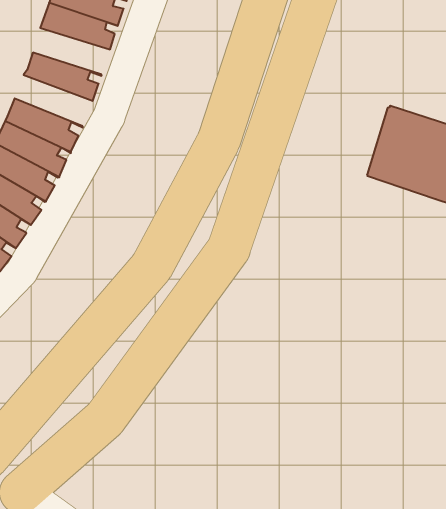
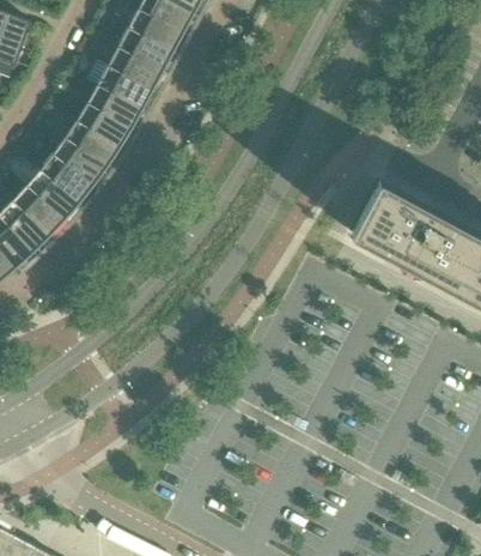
building: none -> [93,70,157,116]
building: none -> [72,105,135,156]

